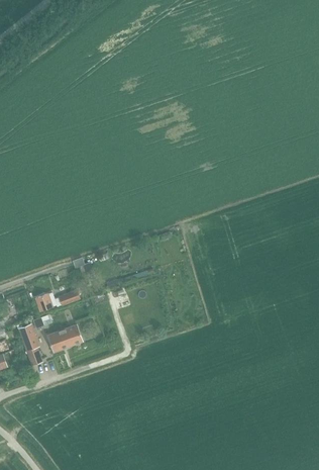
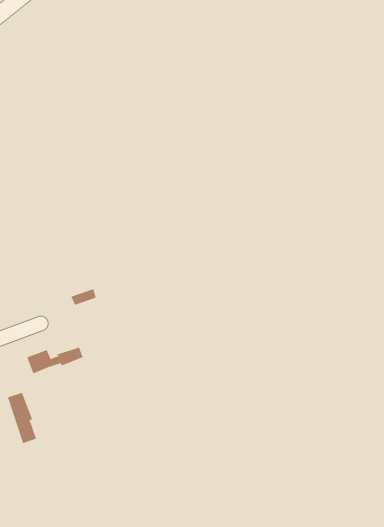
building: [46,324,83,353] -> none

